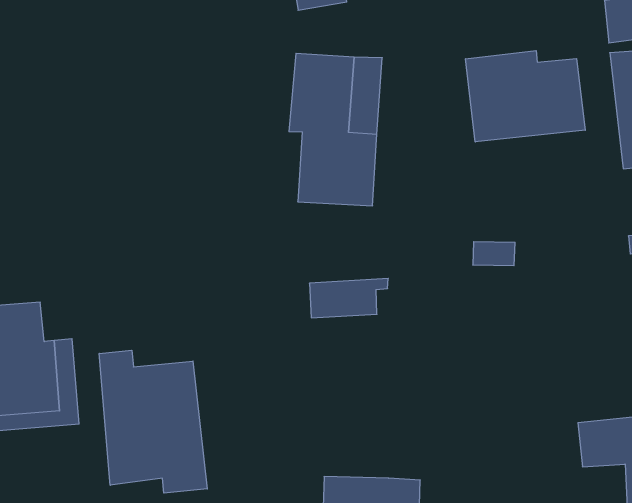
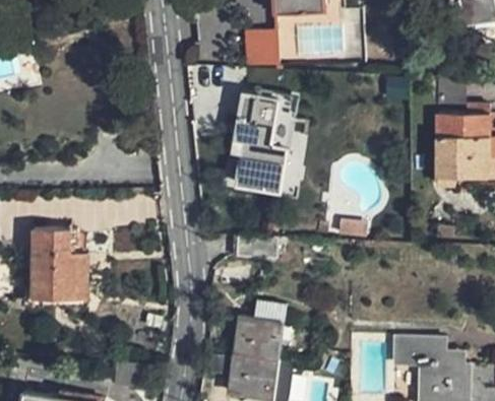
building: [466,51,585,142] -> none
building: [99,350,207,493] -> none
building: none -> [234,311,280,359]

